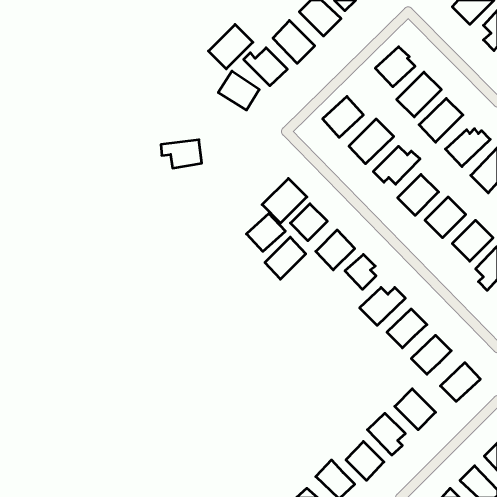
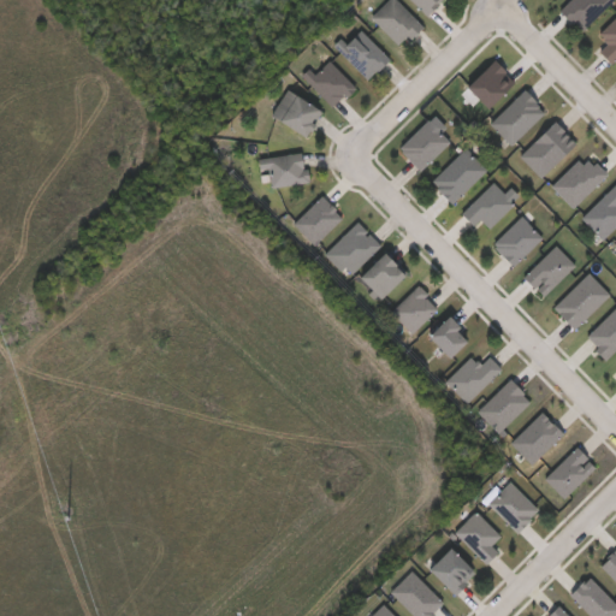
building: [208,24,253,69] -> none
building: [161,140,202,168] -> [259,153,309,188]
building: [246,213,285,251] -> [292,197,340,244]
building: [265,237,306,279] -> none

